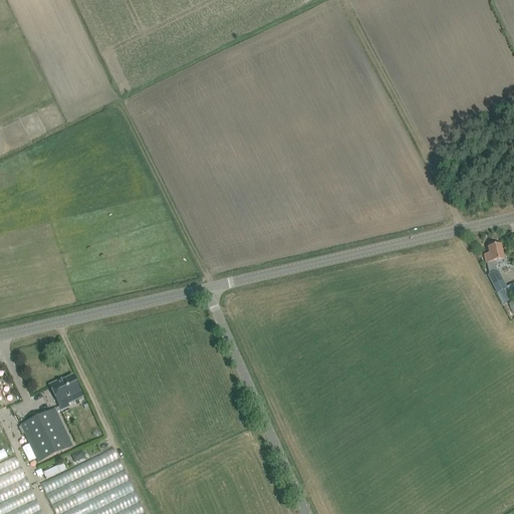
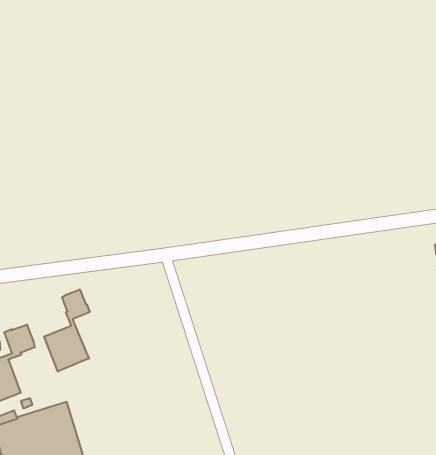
building: none -> [44,289,90,372]

